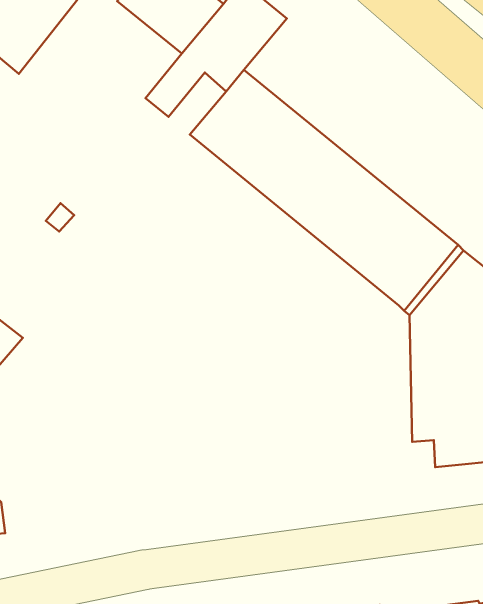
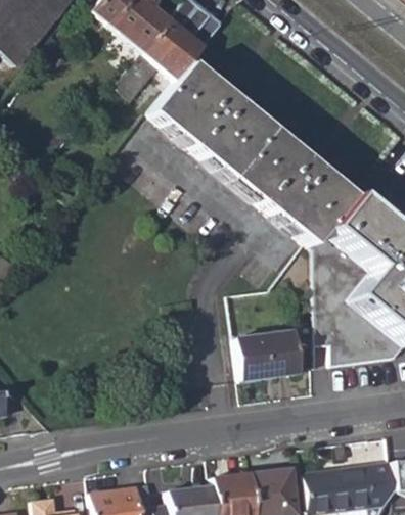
building: none -> [235,329,301,379]

